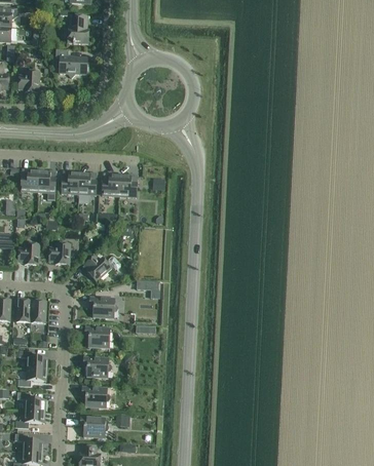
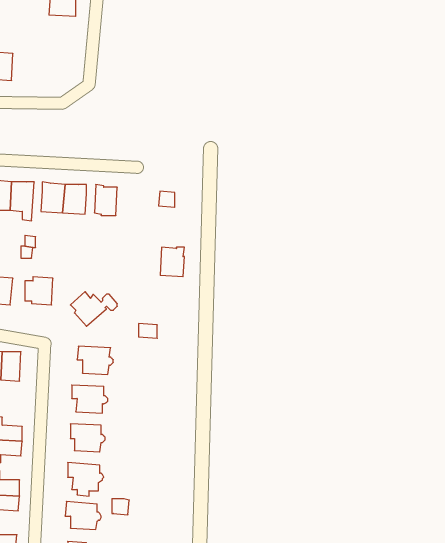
building: [55,48,86,76] -> none
building: [118,173,137,196] -> [160,247,184,277]

